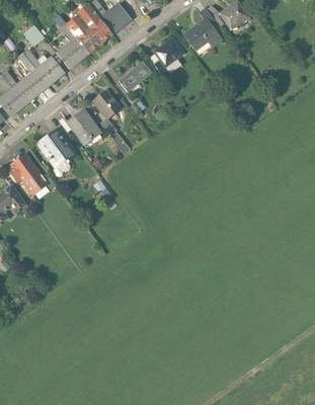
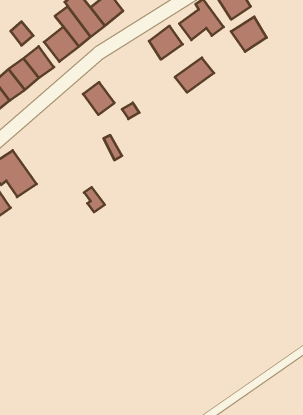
building: none -> [231,17,267,52]
building: [116,58,153,90] -> [175,58,214,92]
building: [66,108,99,144] -> none
building: [35,126,77,168] -> none

